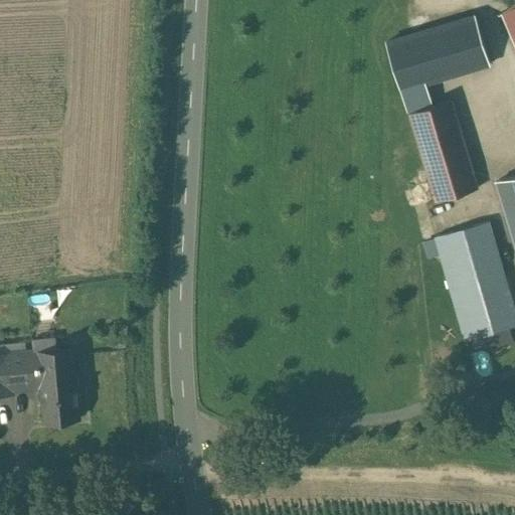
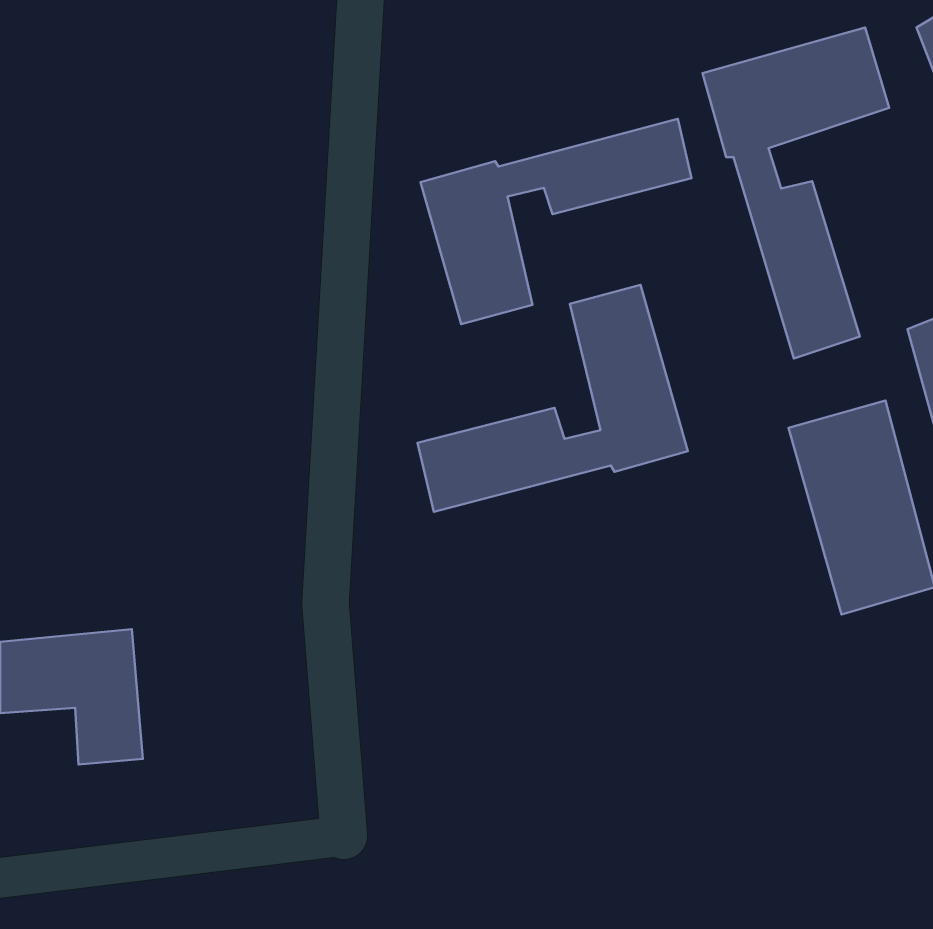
building: none -> [421,119,692,324]
building: none -> [417,285,688,512]

